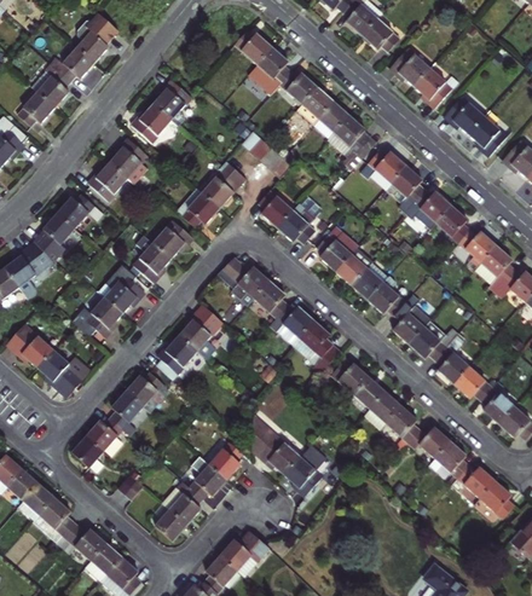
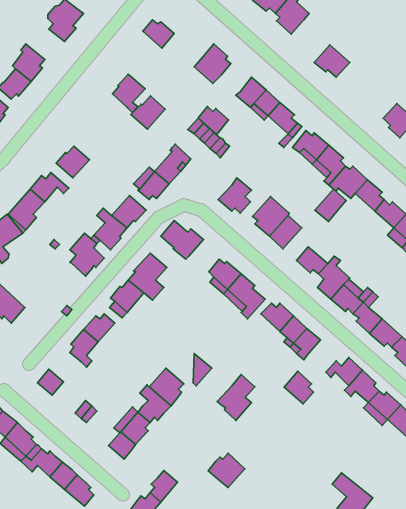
building: [365,24,401,56] -> none
building: [59,35,103,70] -> none
building: [239,36,276,69] -> [143,20,174,48]
building: [417,74,455,112] -> none
building: [284,75,319,108] -> [198,106,228,135]
building: [446,100,487,138] -> none
building: [135,110,175,149] -> [131,96,165,129]
building: [114,145,152,186] -> none
building: [261,193,296,232] -> none
building: [355,265,392,302] -> [315,189,346,222]
building: [247,278,282,317] -> none
building: [76,305,127,345] -> none
building: [41,357,96,405] -> none
building: [383,394,417,432] -> [284,371,314,404]
building: [85,409,122,442] -> none
building: [255,427,296,465] -> none
building: [218,525,260,565] -> [208,453,245,488]

